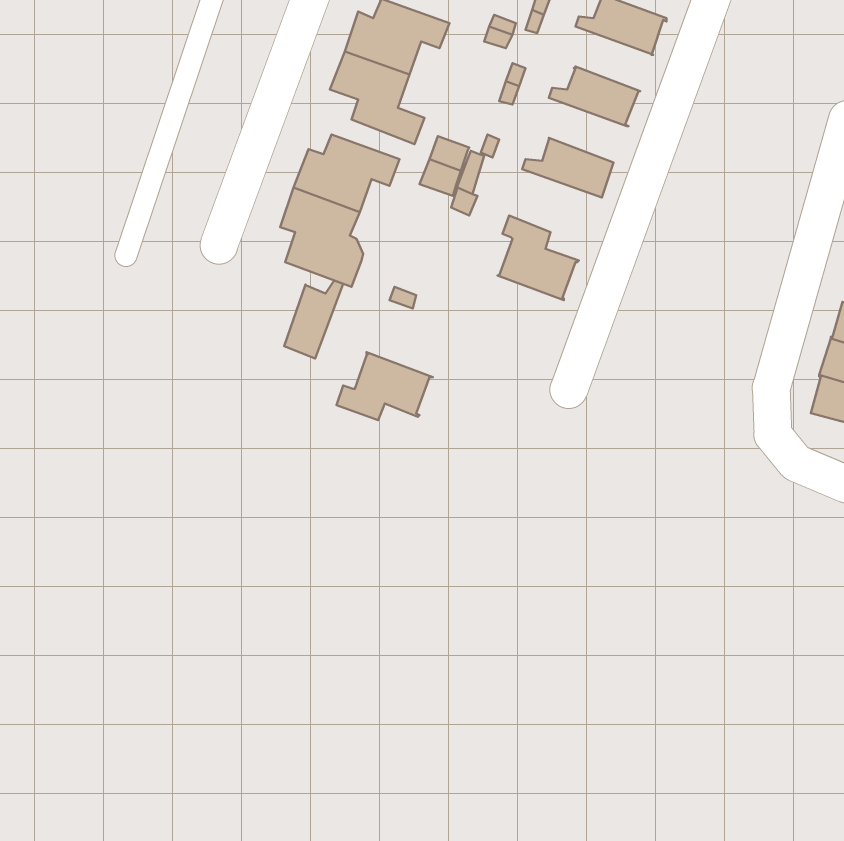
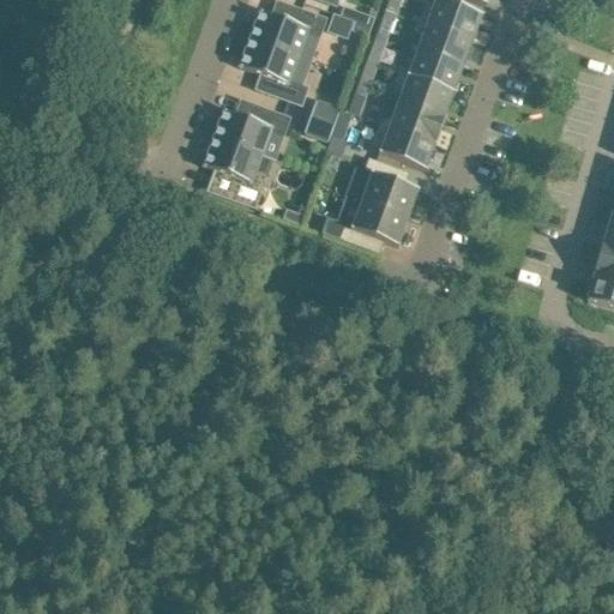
building: none -> [415,19,475,66]
building: none -> [397,71,456,118]
building: none -> [378,122,438,169]
building: [284,280,343,359] -> none
building: [337,352,433,420] -> [341,199,410,248]

